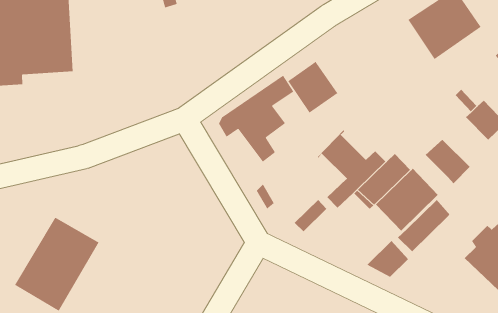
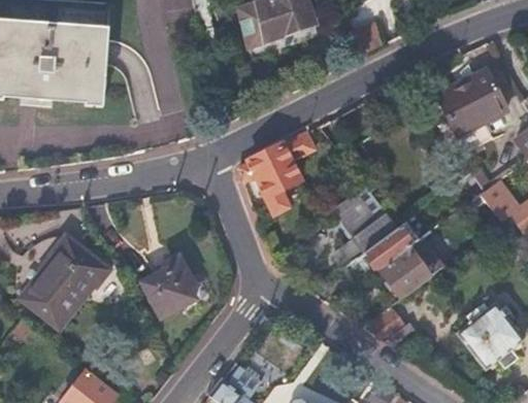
building: [287,61,338,113] -> none
building: [425,139,471,184] -> none
building: [397,199,450,252] -> none
building: none -> [142,258,195,318]

